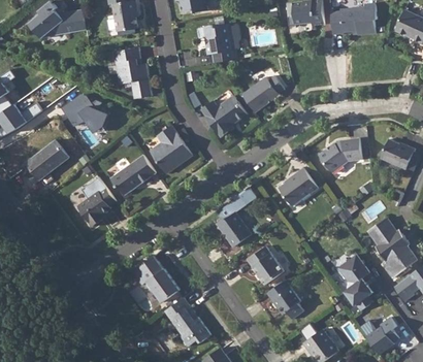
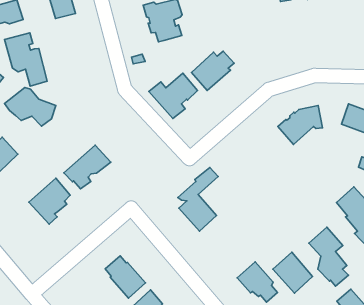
building: [112,48,150,99] -> [4,33,47,86]
building: [150,126,191,170] -> none
building: [280,167,319,204] -> none
building: [248,246,285,286] -> [273,252,313,293]

